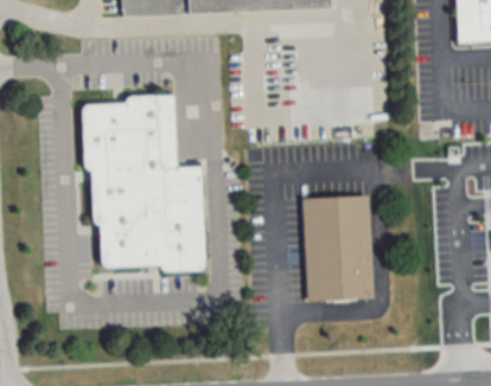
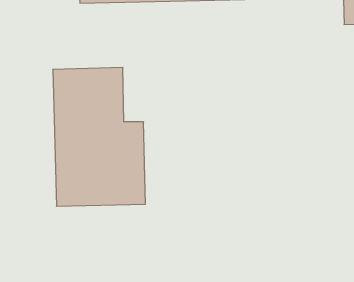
building: [304,197,371,301] -> none

